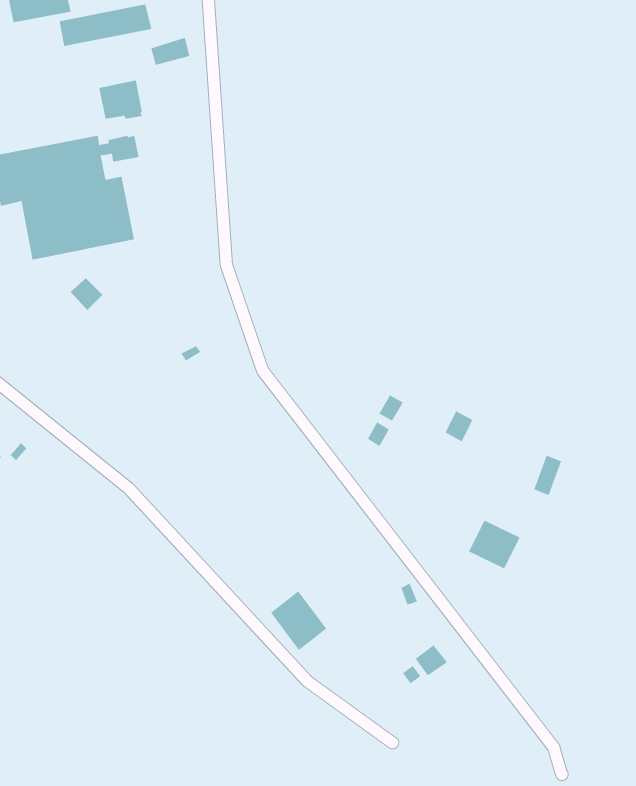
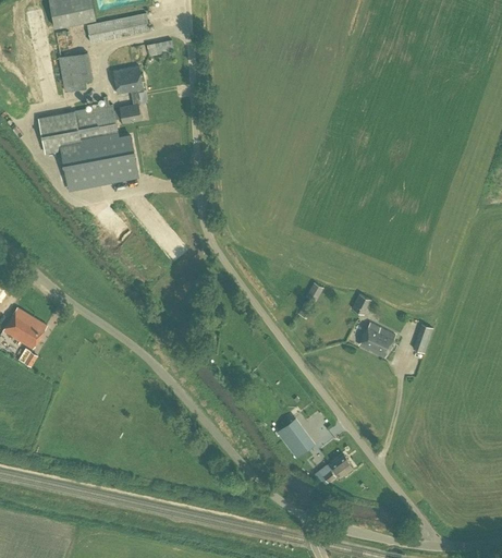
building: none -> [57,51,91,92]
building: [468,520,520,569] -> [358,323,394,356]
building: [270,591,327,651] -> [276,416,315,458]

